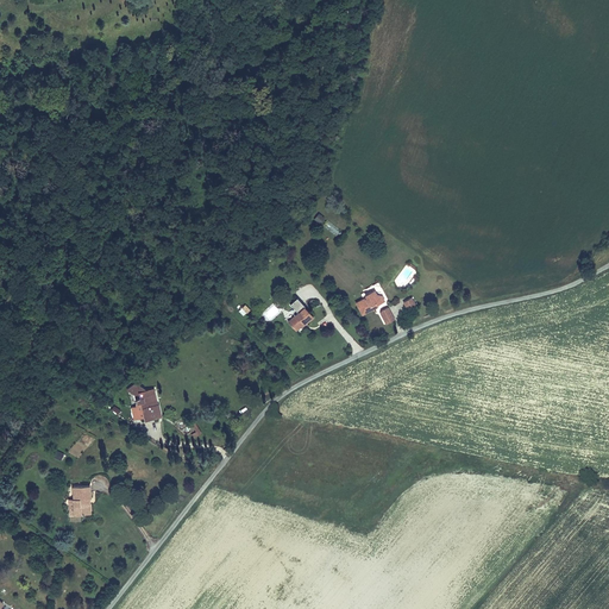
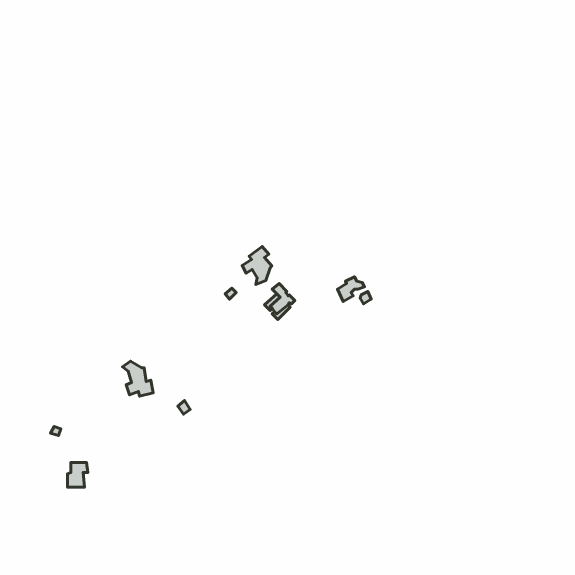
building: none -> [242,246,272,285]

